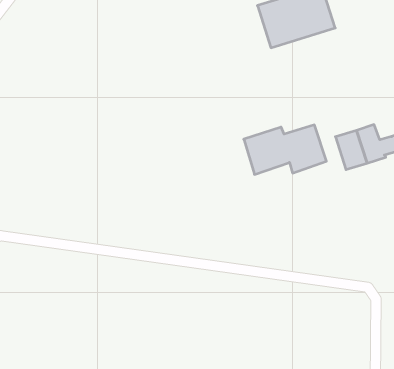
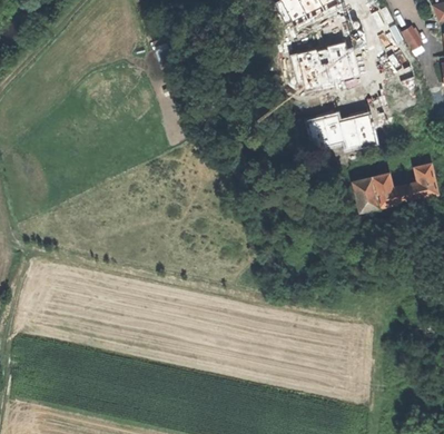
building: [244,125,326,174] -> [302,110,377,154]

